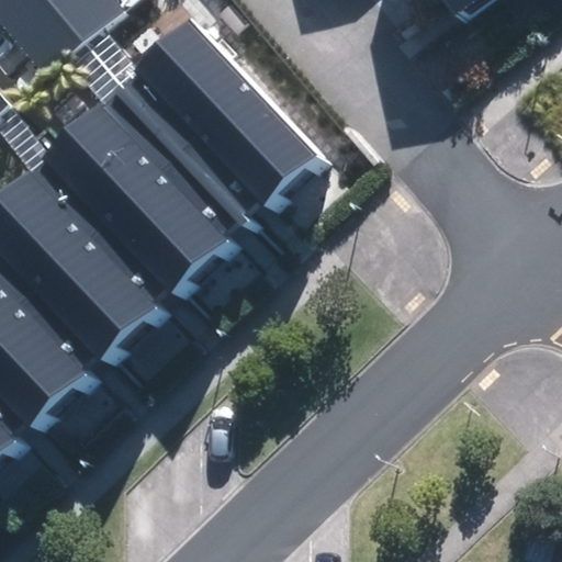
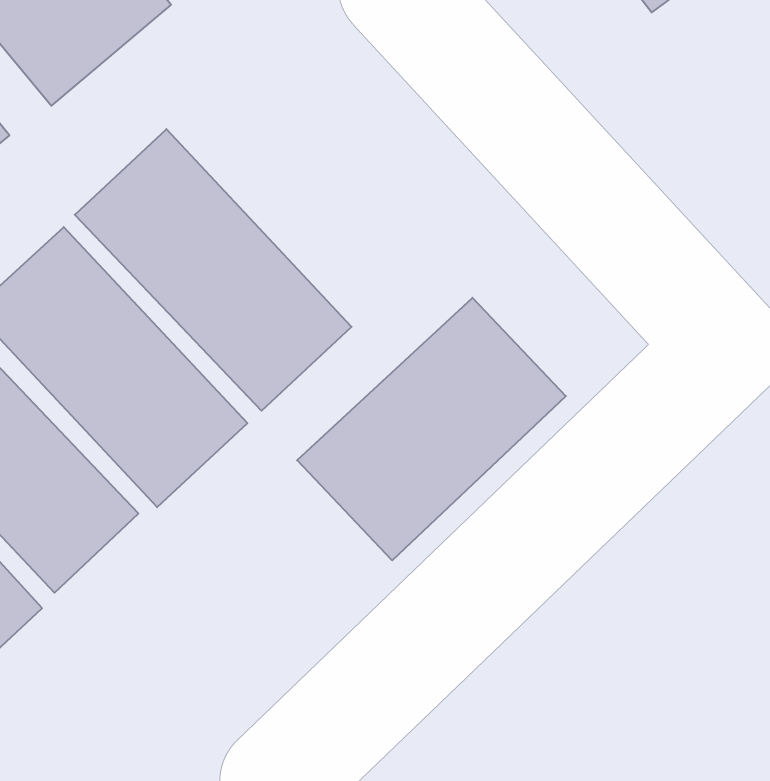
building: [125,18,329,224] -> none
building: none -> [297,298,566,560]

